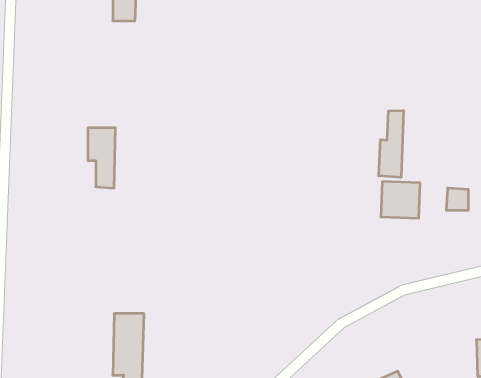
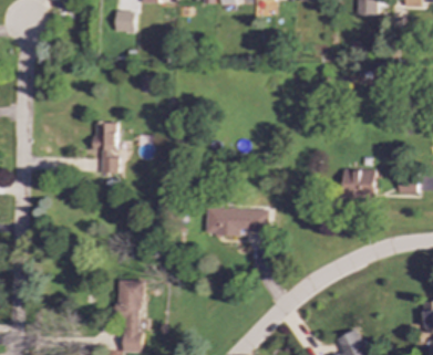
building: [379,110,403,177] -> none
building: none -> [205,208,268,236]

